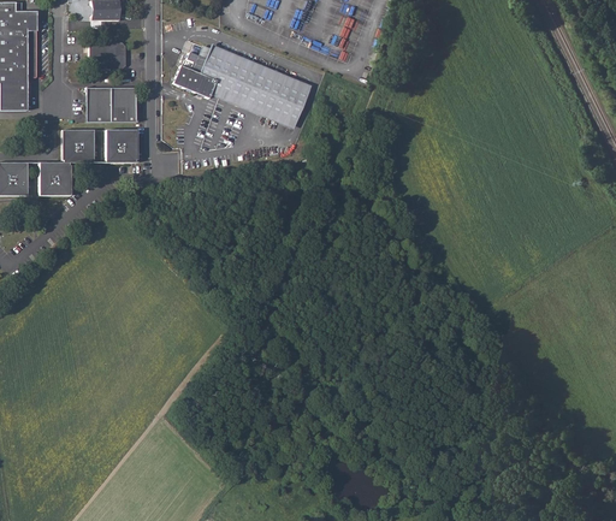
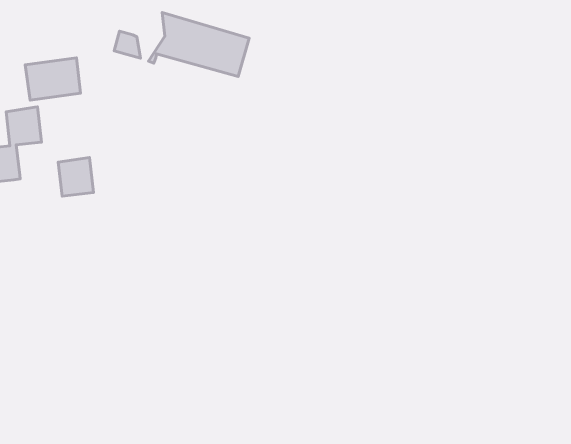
building: [88,40,124,67] -> none
building: [194,47,220,96] -> none
building: [106,126,136,160] -> [58,157,94,196]

